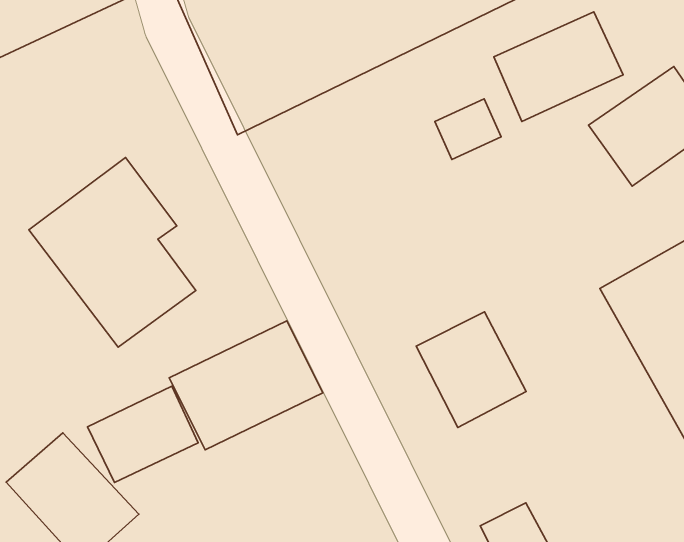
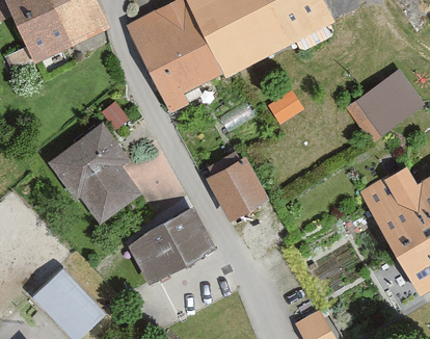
building: [494,12,623,122] -> none
building: [416,312,526,428] -> [206,156,266,219]
building: [88,386,198,482] -> none

